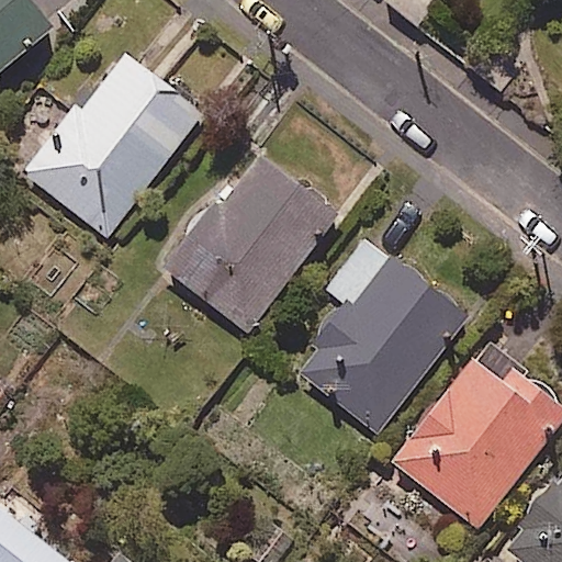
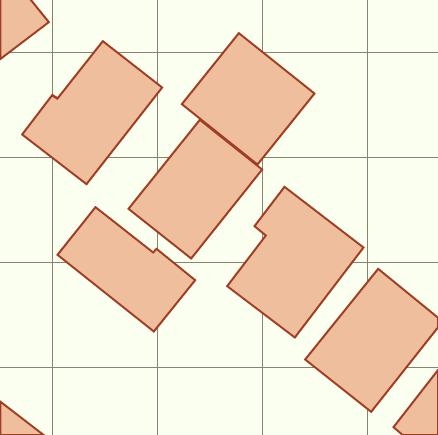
building: none -> [182,33,315,165]
building: none -> [58,207,195,332]

